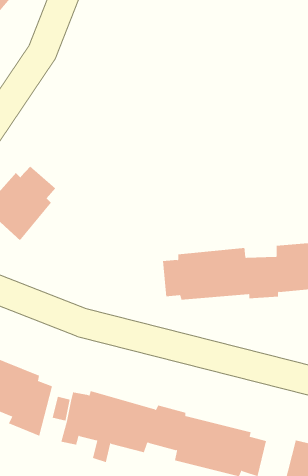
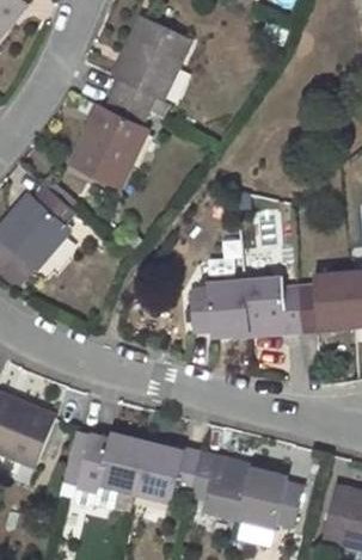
building: none -> [70,14,190,187]

